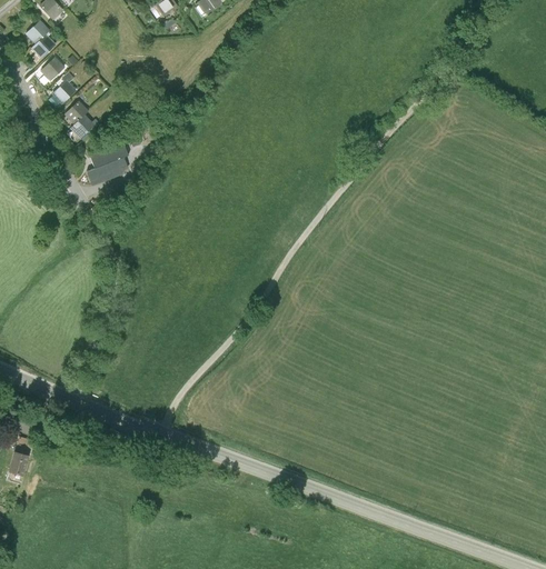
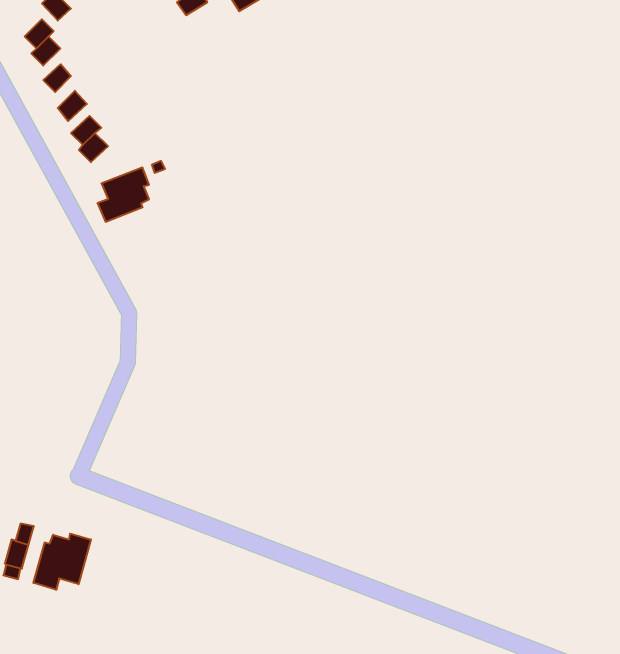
building: none -> [33,534,91,590]

